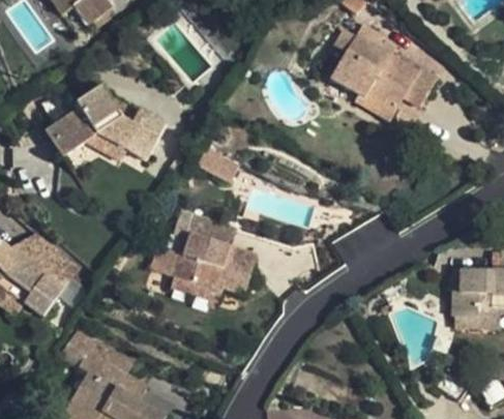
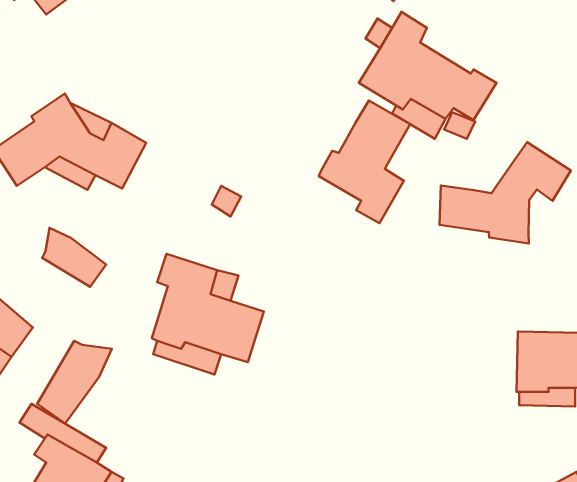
building: none -> [319,100,410,223]
building: none -> [440,142,571,243]
building: none -> [42,228,106,287]
building: none -> [37,341,112,424]

